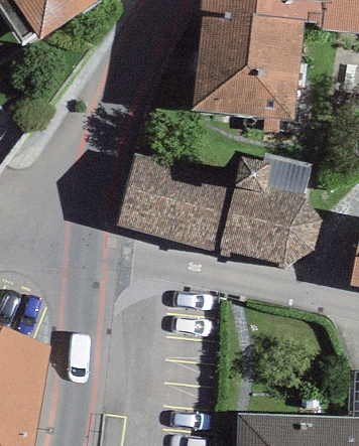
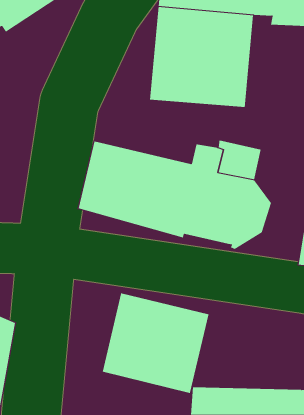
building: none -> [102,293,209,394]

